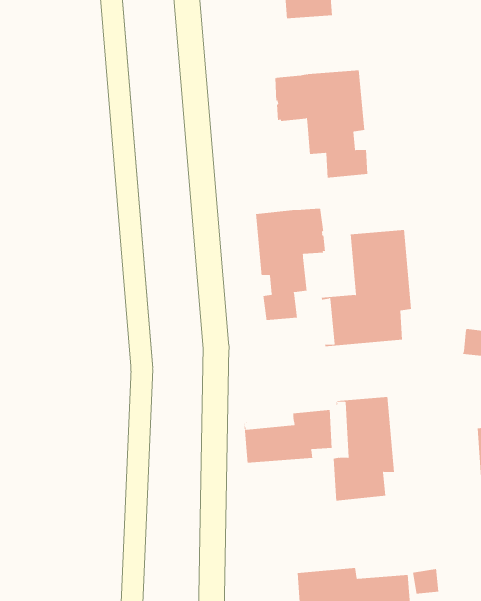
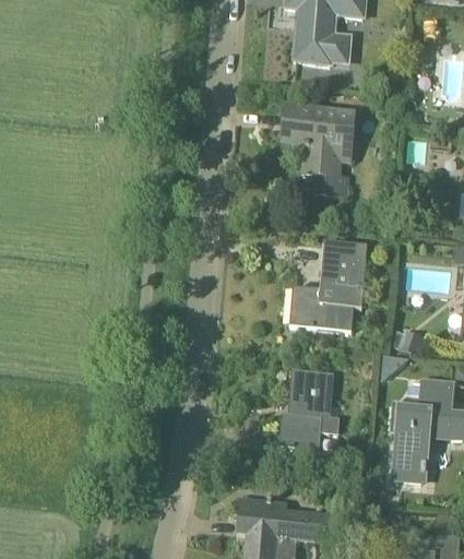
building: [255,208,326,321] -> none
building: [244,409,332,463] -> none

